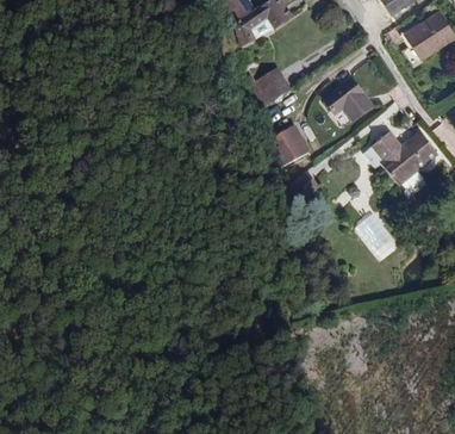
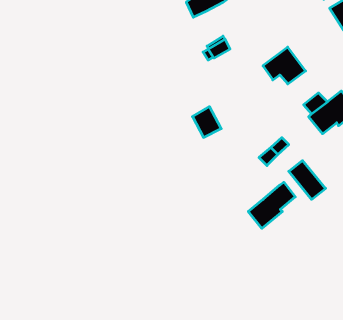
building: [275,124,310,161] -> [192,107,221,137]
building: none -> [248,182,295,228]

